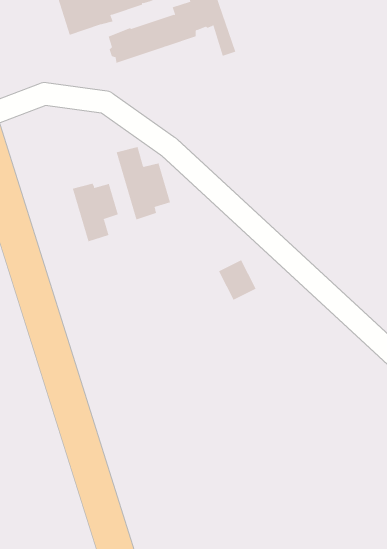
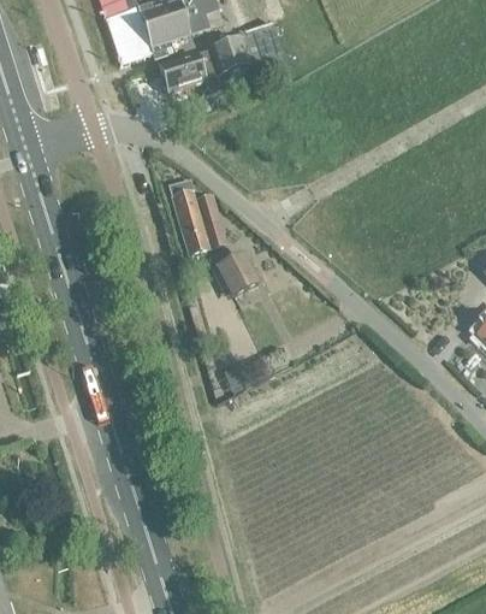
building: [72,183,119,242] -> none
building: [218,260,257,301] -> [218,252,257,294]

